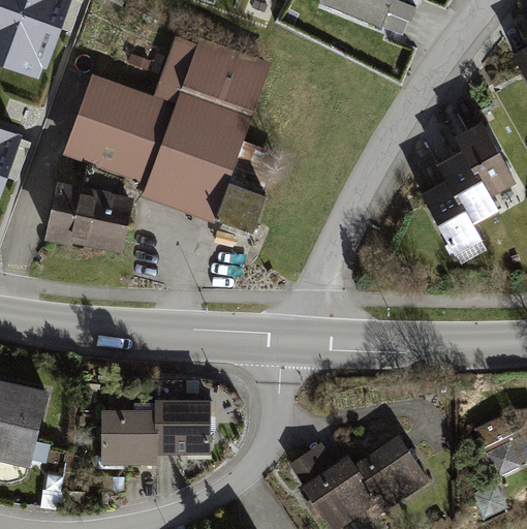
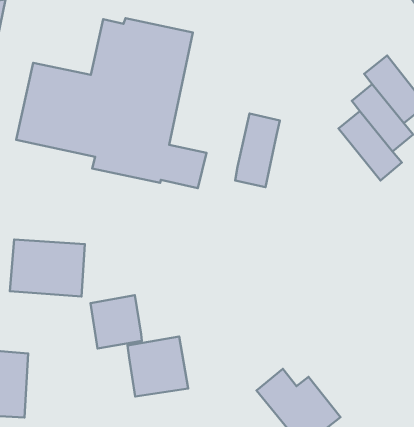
building: none -> [235,113,280,187]
building: [45,183,134,255] -> [10,239,85,297]
building: [104,410,155,463] -> [90,295,142,349]
building: [347,428,426,506] -> none

